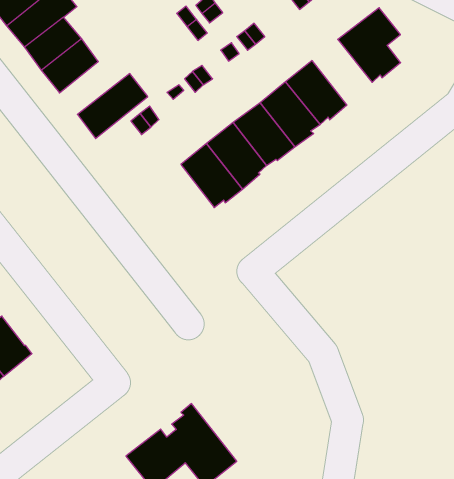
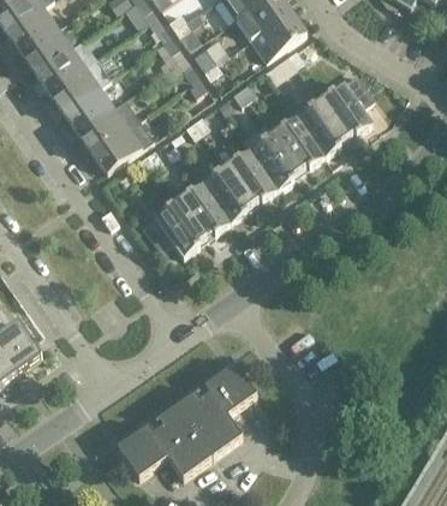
building: none -> [294,99,345,155]
building: none -> [76,97,137,150]
building: none -> [141,198,203,256]
building: none -> [174,363,255,456]

